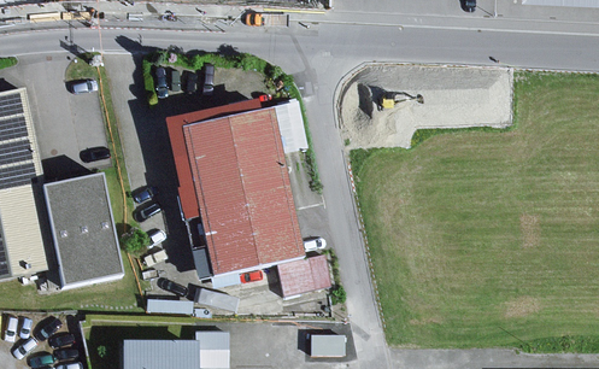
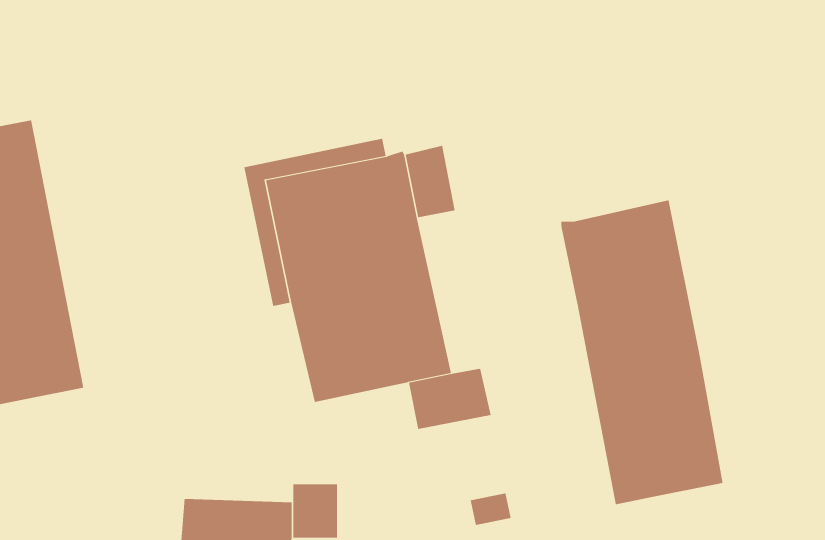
building: none -> [561,199,723,505]
building: [43,175,124,287] -> none

